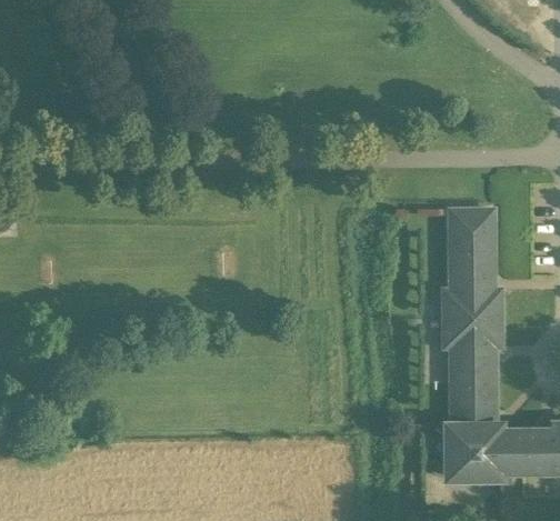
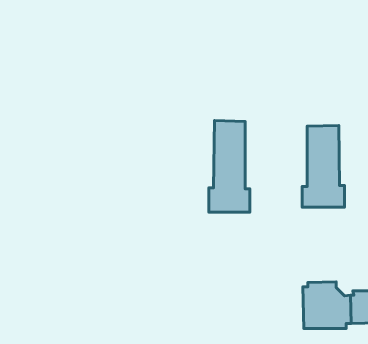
building: none -> [209,121,250,212]
building: [443,319,500,419] -> none

